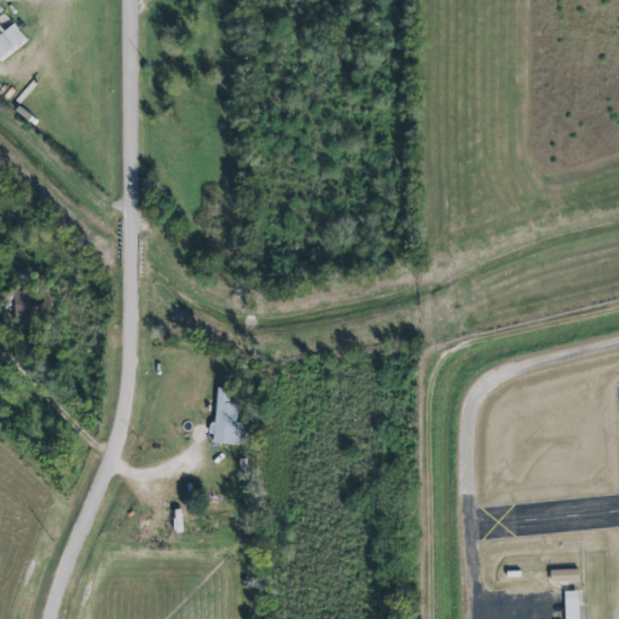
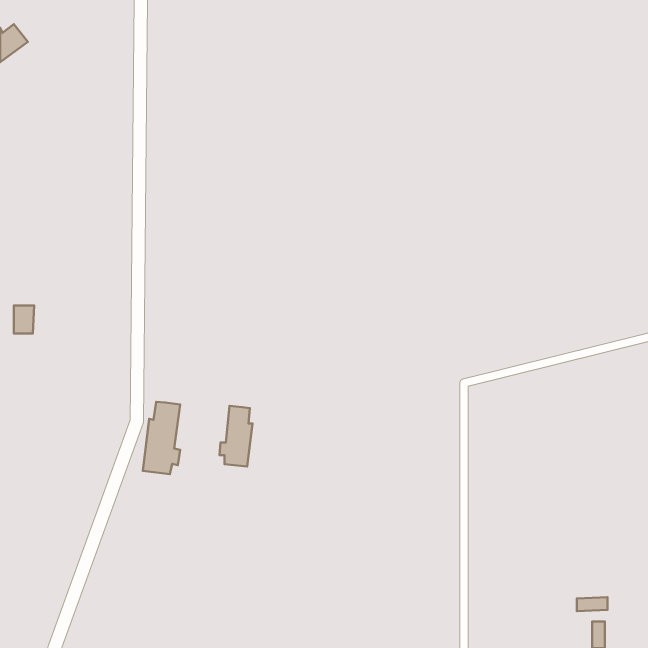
building: none -> [143,402,180,474]

